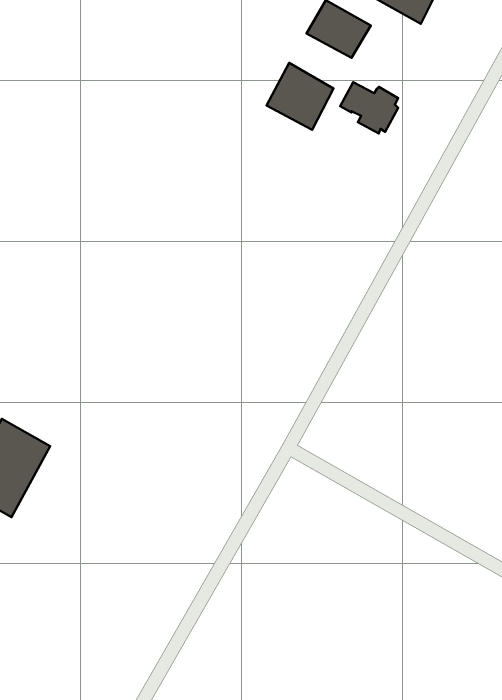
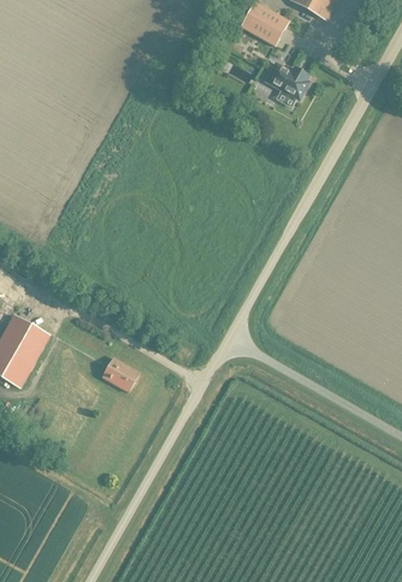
building: [266,63,333,130] -> none
building: none -> [102,357,140,391]

